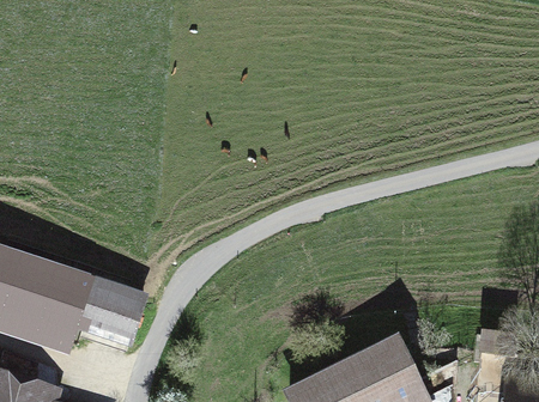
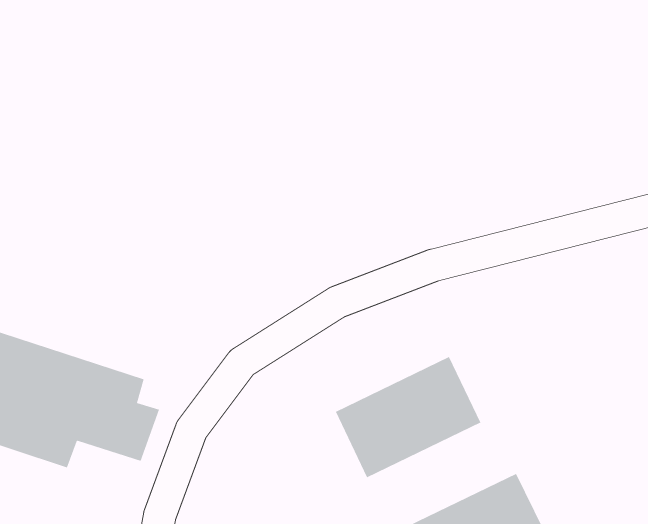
building: none -> [335,356,481,478]

